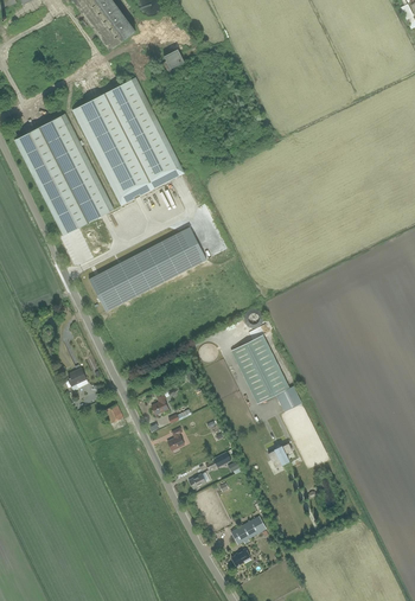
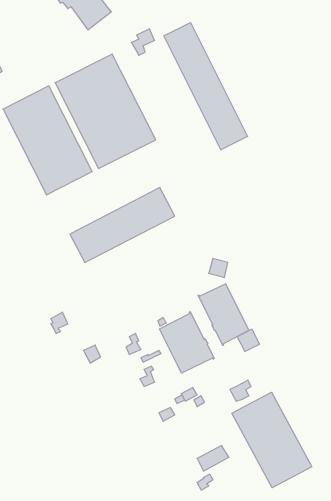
building: none -> [164,23,248,150]
building: none -> [159,312,214,373]
building: none -> [232,392,312,488]

